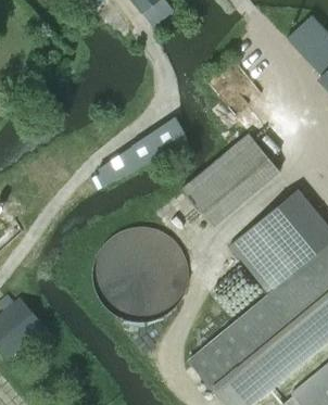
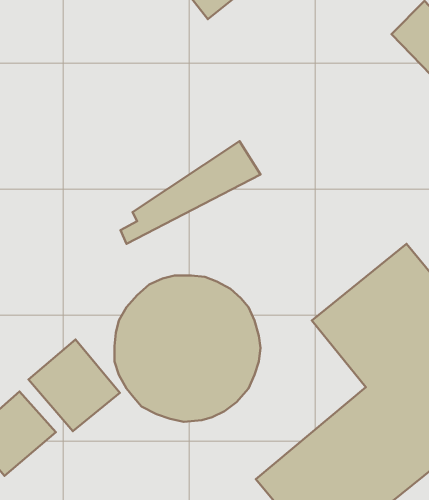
building: [188,134,275,213] -> none
building: none -> [29,339,120,431]

